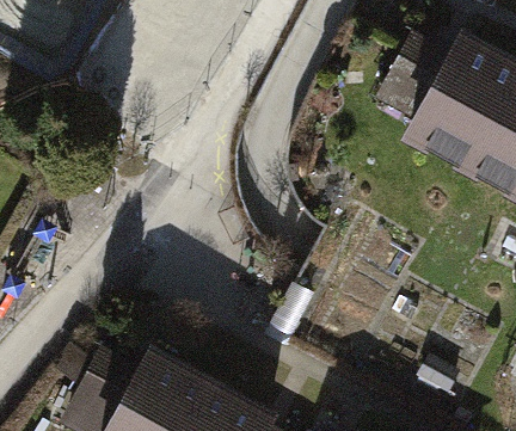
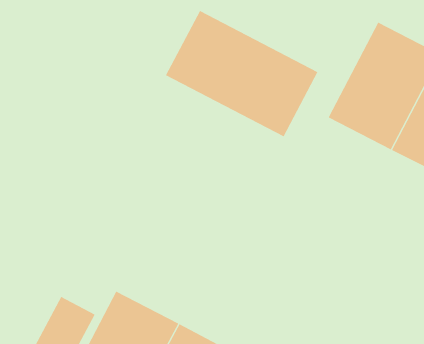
building: none -> [165,10,318,137]

